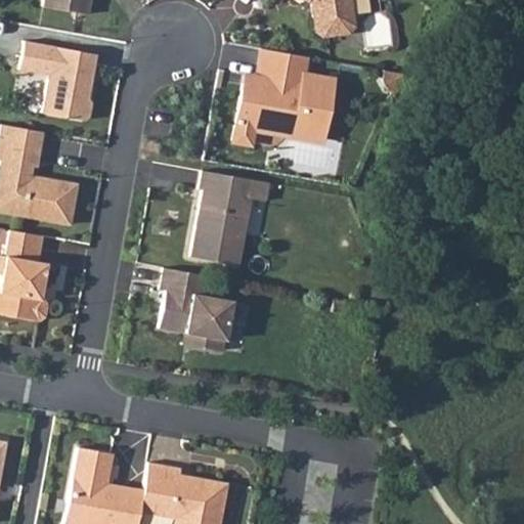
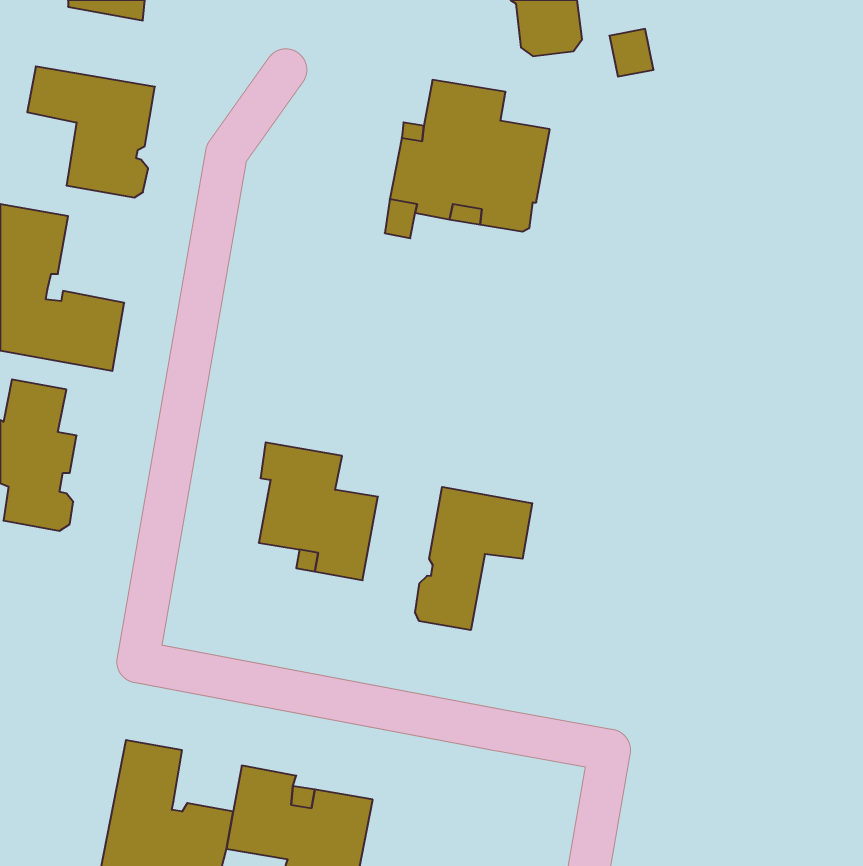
building: [192,171,270,266] -> none
building: none -> [415,487,532,630]

